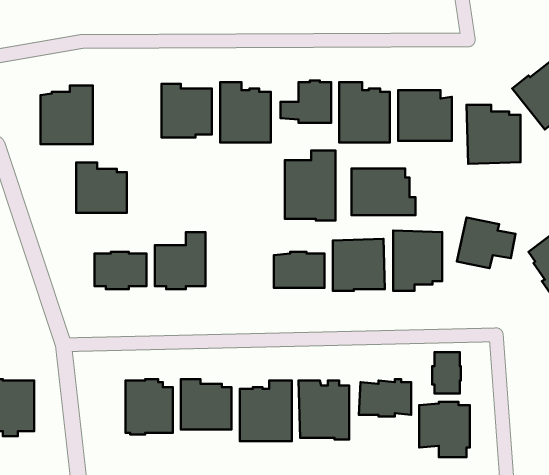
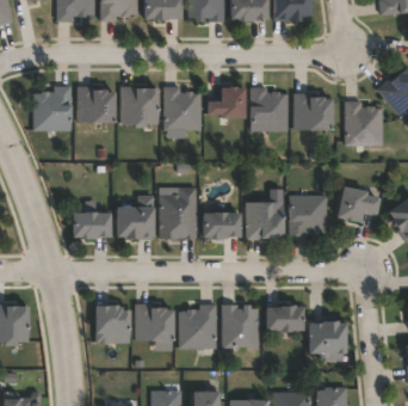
building: [285,150,336,221] -> [159,187,196,239]
building: [76,162,127,213] -> [76,87,113,124]
building: [352,169,416,215] -> none
building: [432,352,461,393] -> none

